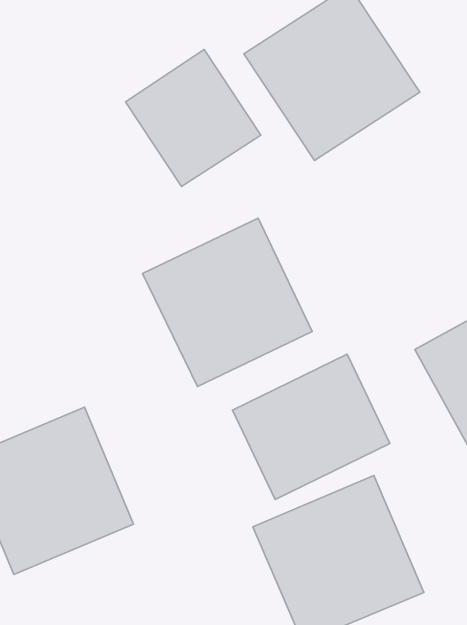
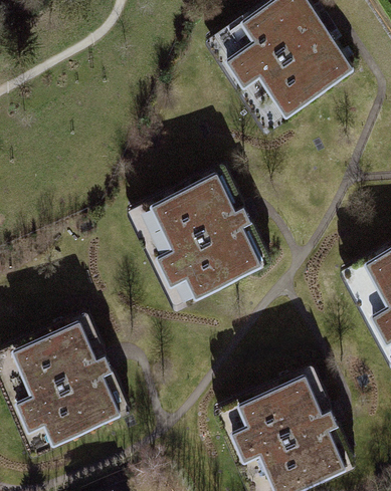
building: [126,50,261,187] -> none
building: [233,354,390,500] -> none

